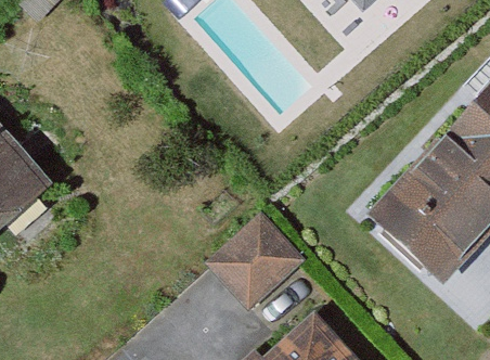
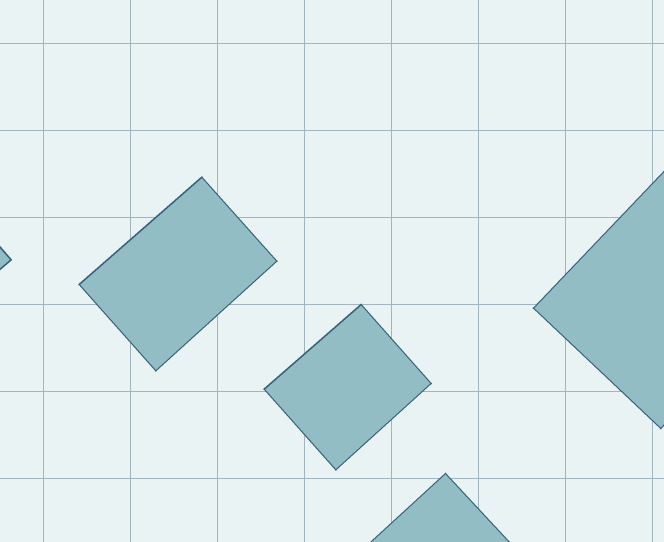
building: none -> [79,177,277,371]

